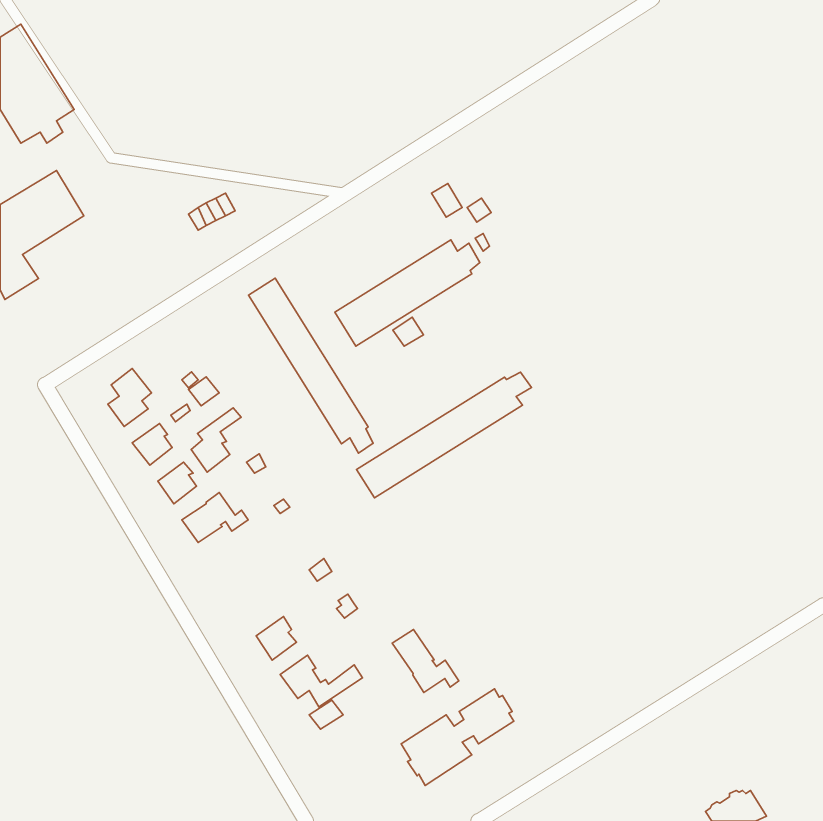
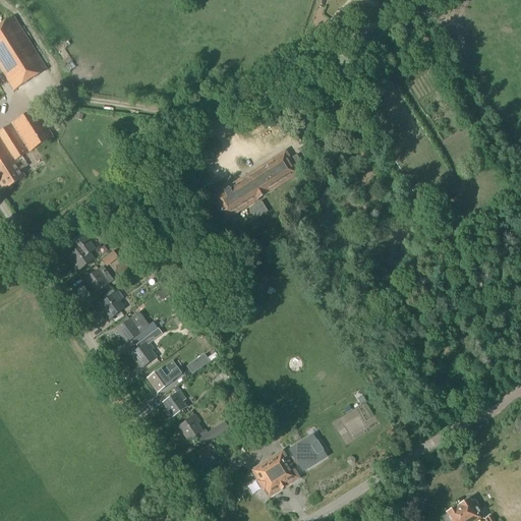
building: [249,278,373,453] -> none
building: [357,372,531,498] -> none
building: [191,408,241,472] -> [131,328,163,368]
building: none -> [147,361,181,393]
building: [392,629,459,692] -> none

